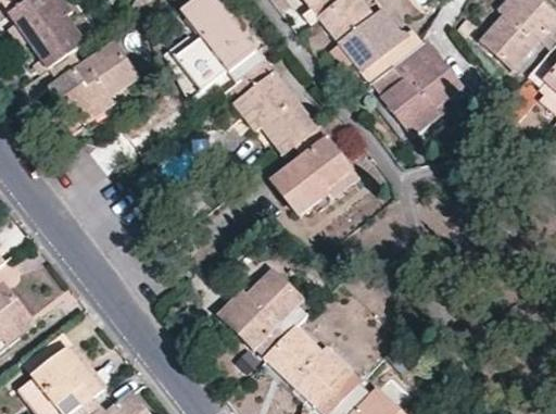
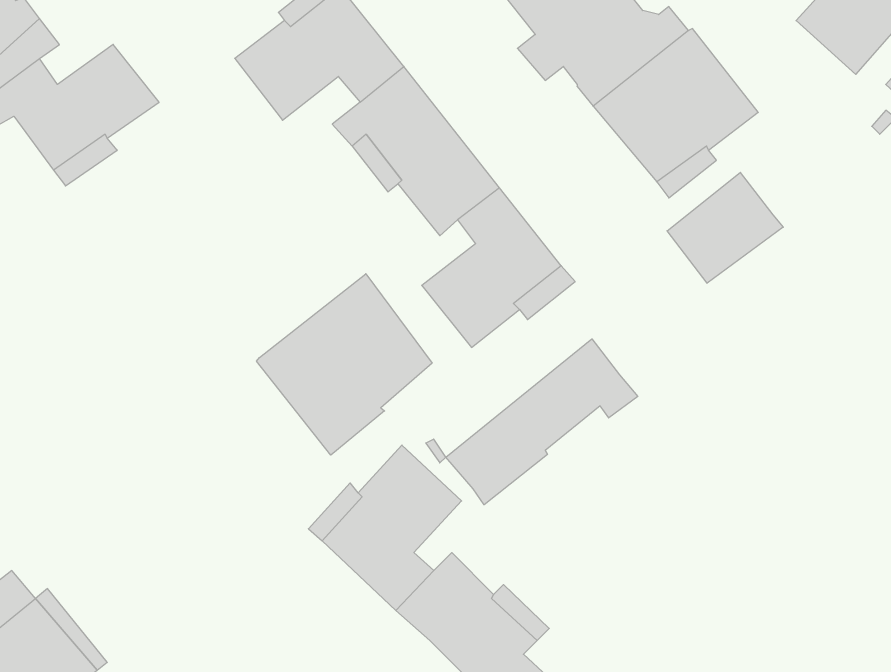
building: none -> [667,172,783,283]
building: none -> [257,274,432,455]
building: none -> [446,339,638,505]

